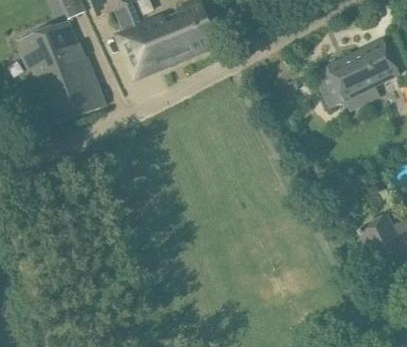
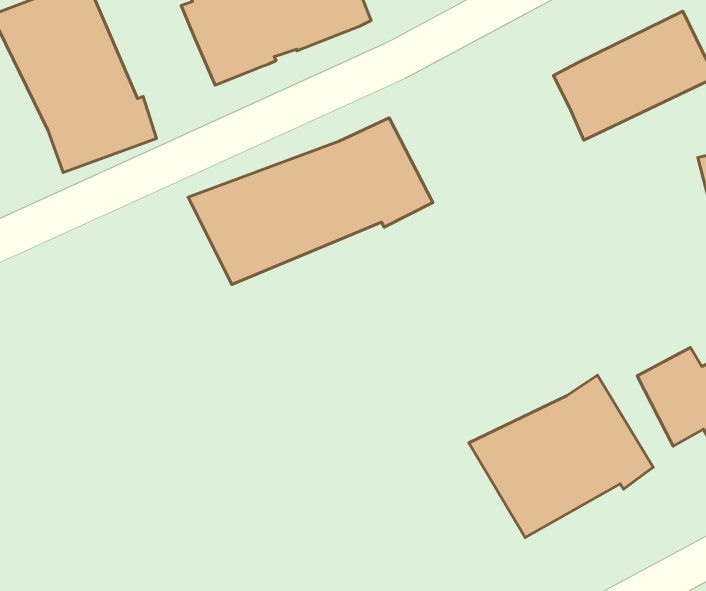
building: none -> [188,118,433,284]
building: none -> [469,375,653,538]

